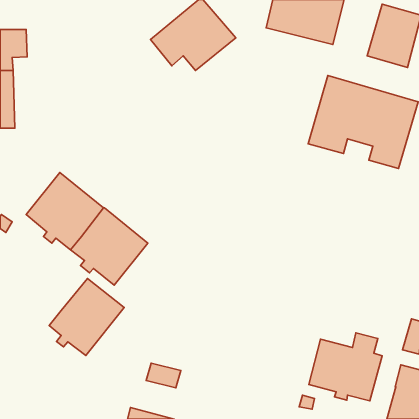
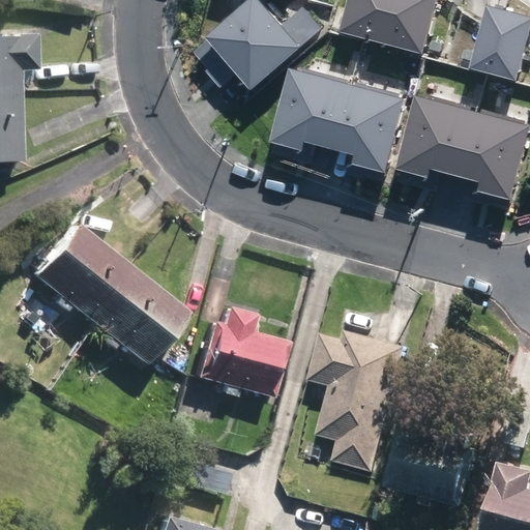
building: none -> [266,68,404,185]
building: none -> [195,298,288,392]
building: none -> [313,327,408,470]
building: [49,279,124,355] -> none

